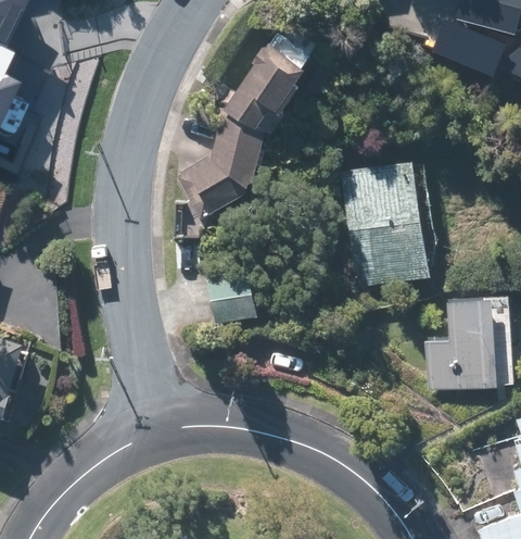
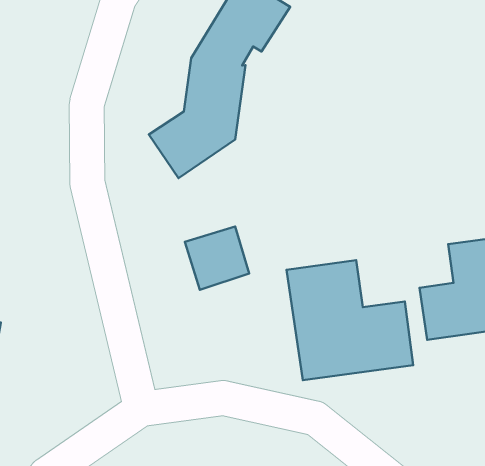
building: [339,160,436,288] -> none
building: none -> [286,260,413,380]

